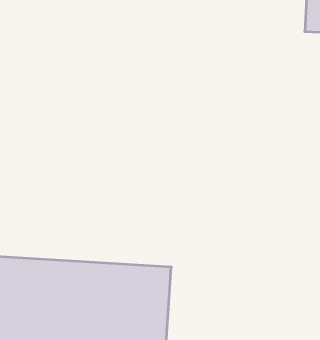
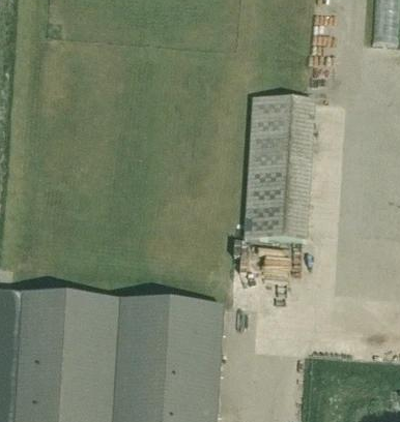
building: none -> [245,95,315,239]

